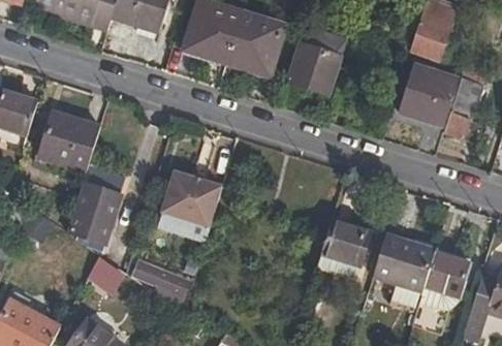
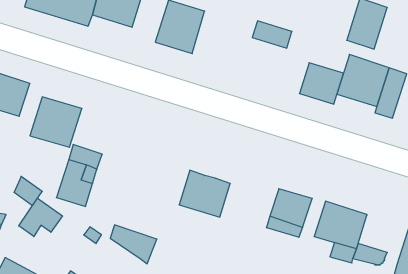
building: [229,13,284,75] -> none
building: [288,44,340,93] -> [299,63,343,104]
building: [162,171,222,226] -> [179,170,230,217]
building: none -> [19,198,62,237]
building: [423,252,469,295] -> none

